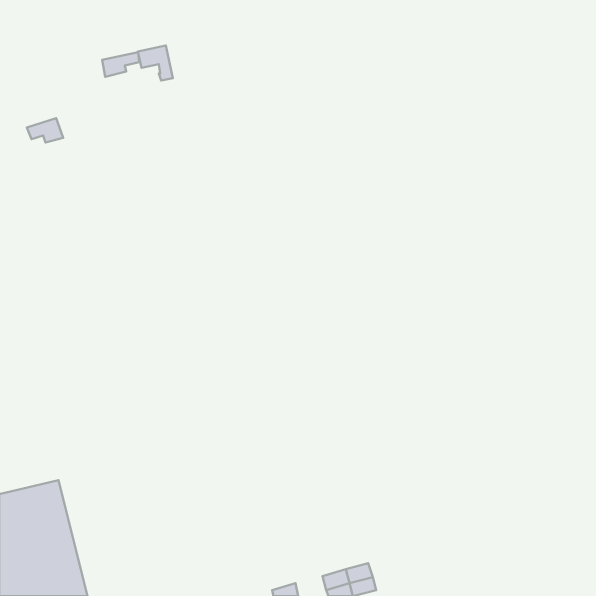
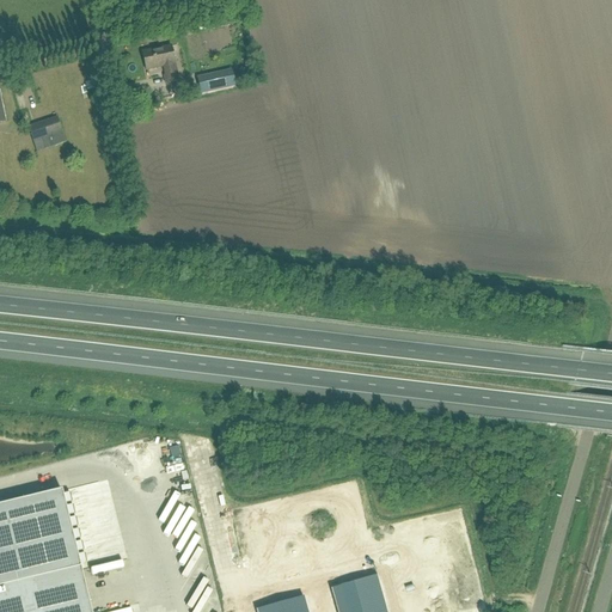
building: [102,52,139,77] -> none
building: none -> [196,71,233,94]

